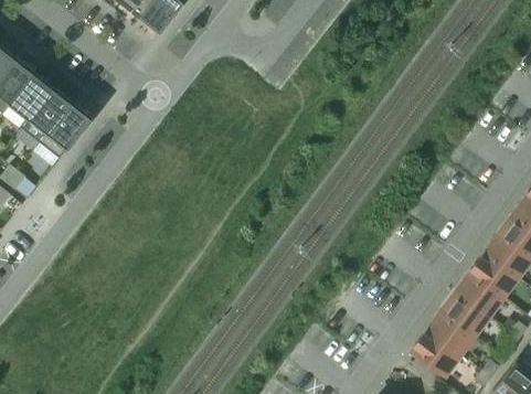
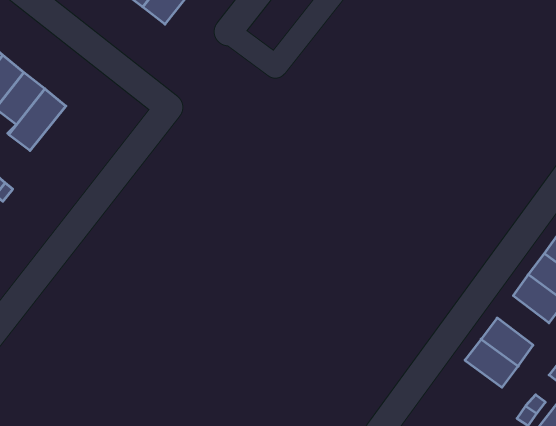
building: [39,104,91,159] -> none
building: [455,273,501,317] -> none
building: [412,330,459,374] -> none

